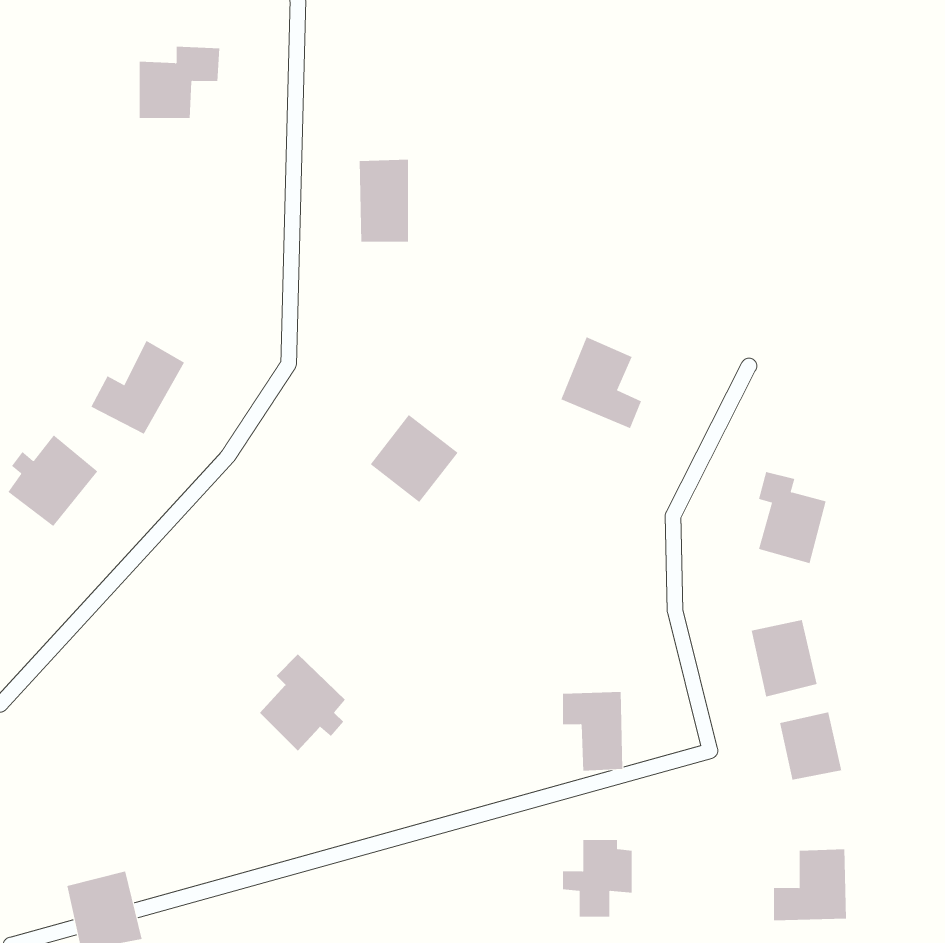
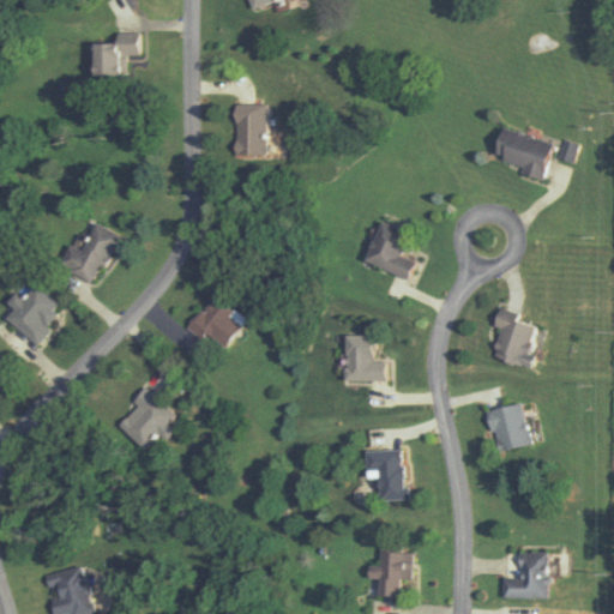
building: none -> [490,127,550,179]
building: [370,414,458,503] -> [186,295,243,353]
building: none -> [343,335,385,380]
building: [259,654,346,752] -> [118,386,174,450]
building: [780,711,842,781] -> none

